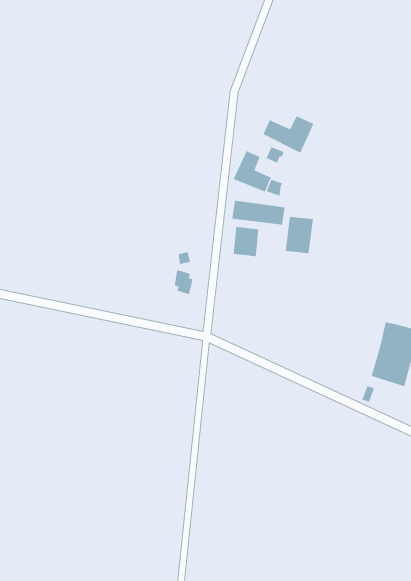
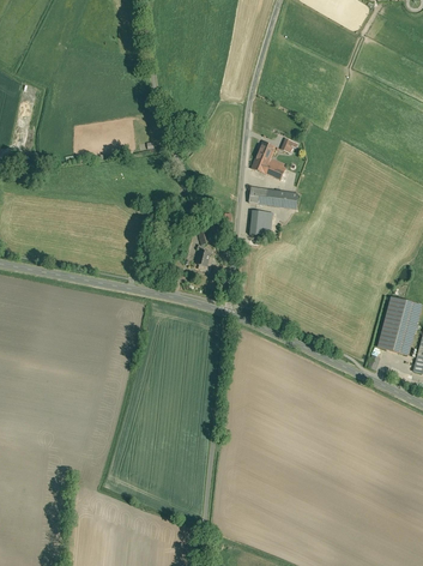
building: [262,116,314,154] -> none
building: [285,216,313,254] -> none

